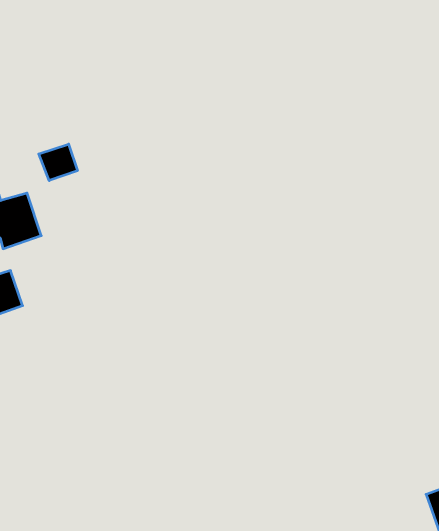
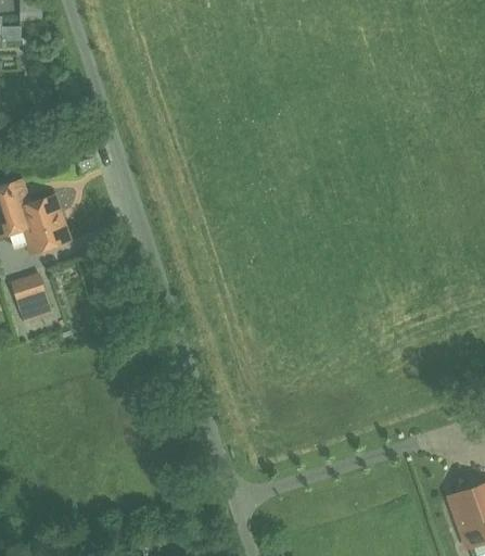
building: [39,144,77,181] -> none

